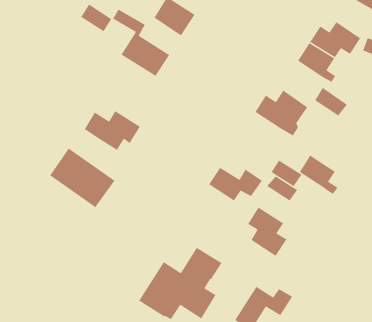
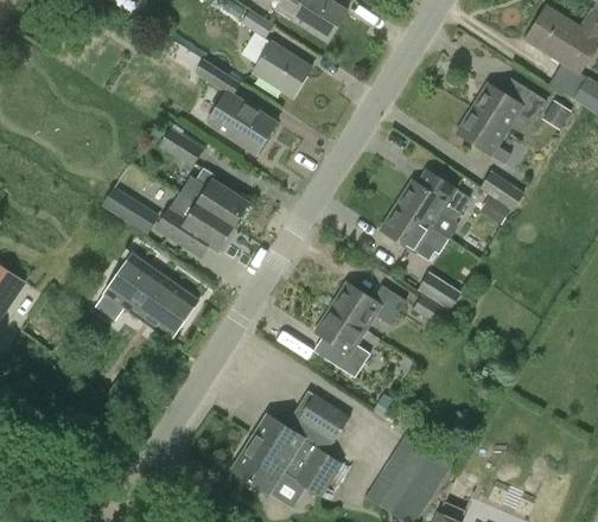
building: [80,4,112,32] -> [158,127,203,167]
building: none -> [178,166,249,224]
building: none -> [101,185,159,234]
building: [299,155,338,195] -> [378,204,434,261]
building: [247,206,287,257] -> [313,306,370,377]

